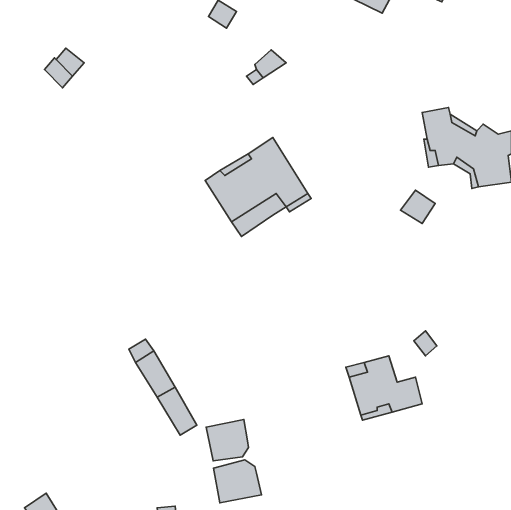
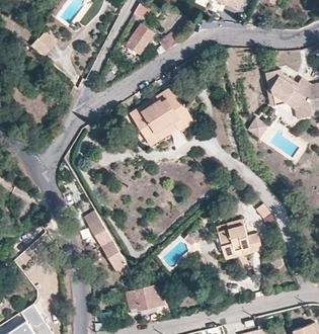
building: none -> [125,24,153,55]
building: [206,420,248,461] -> none

